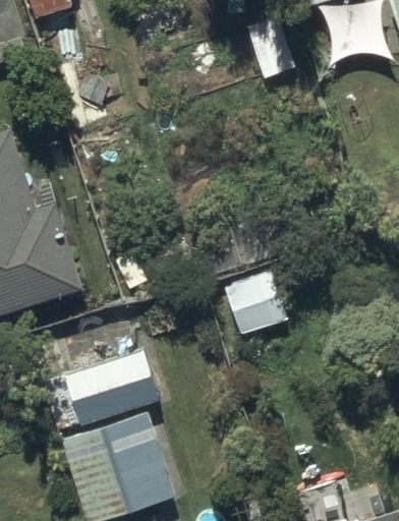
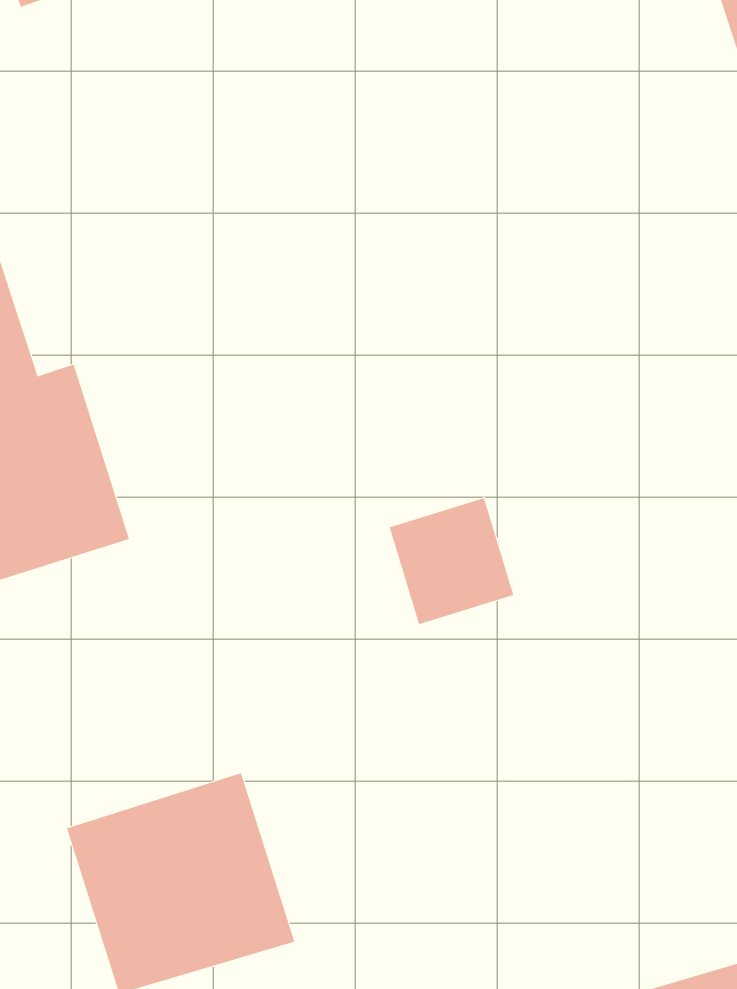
building: [38,348,156,429] -> none

